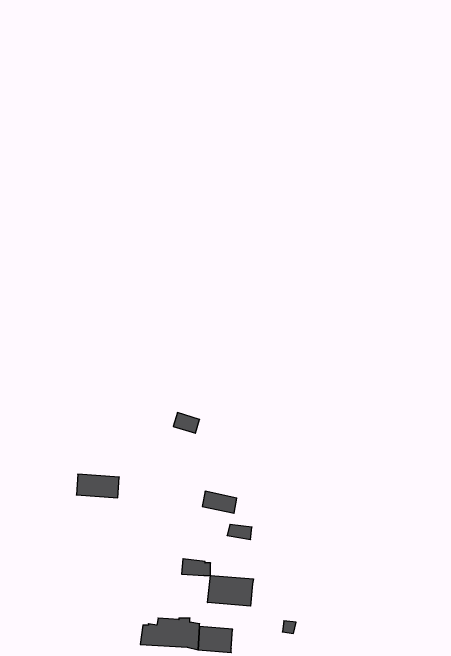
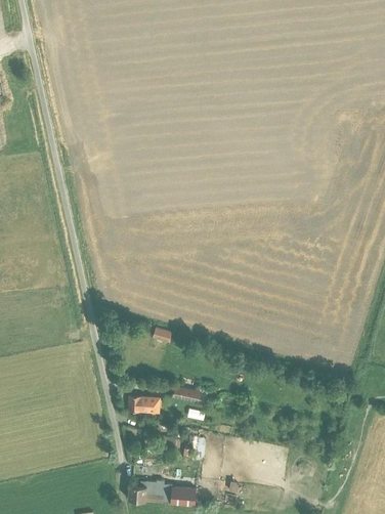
building: [76,474,119,498] -> [128,394,160,412]
building: [208,575,253,606] -> none

